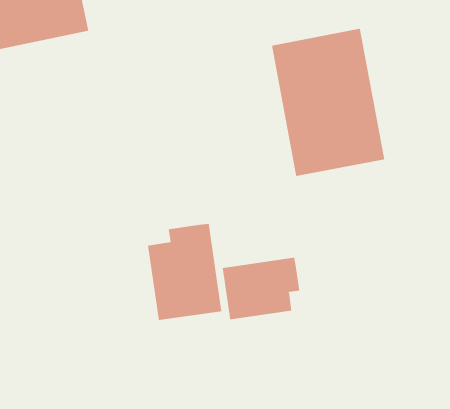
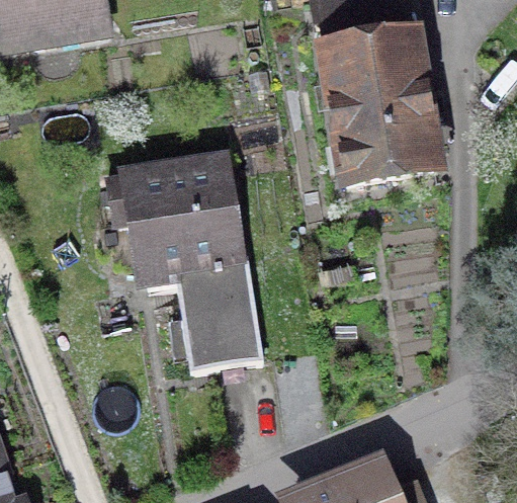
building: none -> [105,156,234,265]
building: [222,257,300,320] -> none

